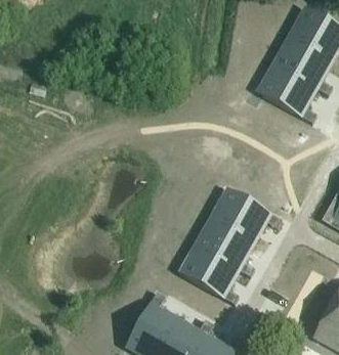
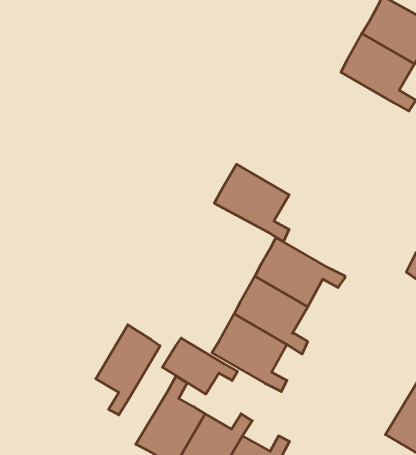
building: [261,66,316,124] -> [214,164,289,242]
building: none -> [96,325,160,415]
building: none -> [162,338,237,394]

